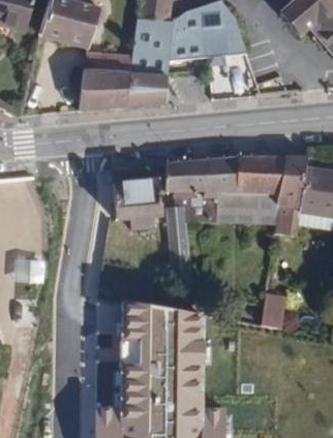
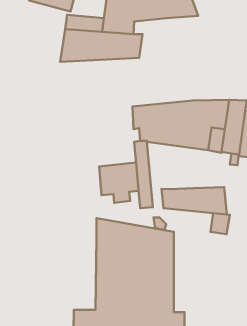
building: [113,178,161,227] -> [99,162,139,203]
building: none -> [162,187,227,215]

